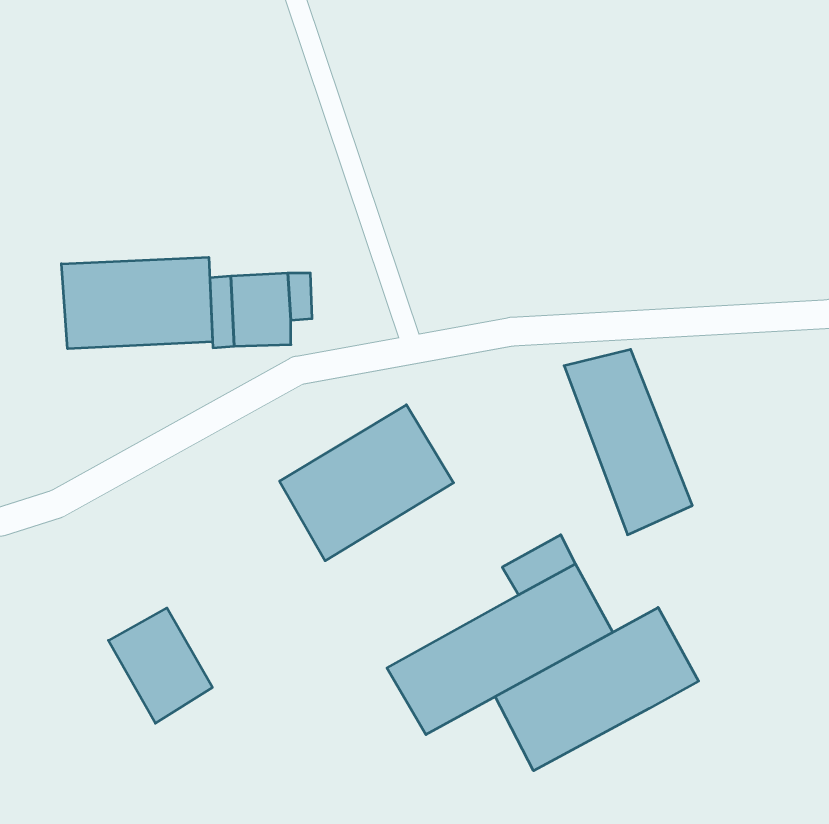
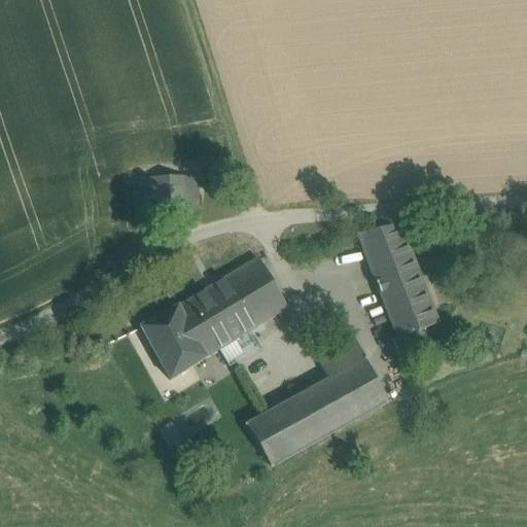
building: [61,257,213,349] -> none
building: [495,607,699,771] -> none
building: [108,608,212,723] -> [141,305,207,378]

